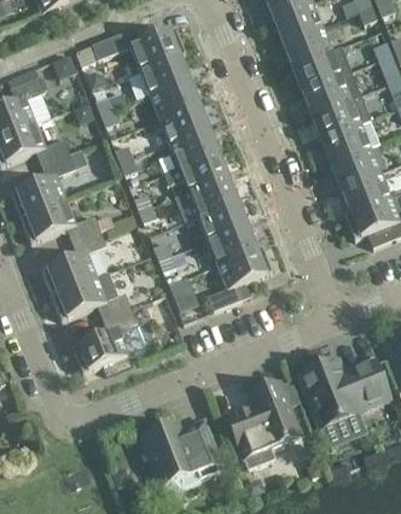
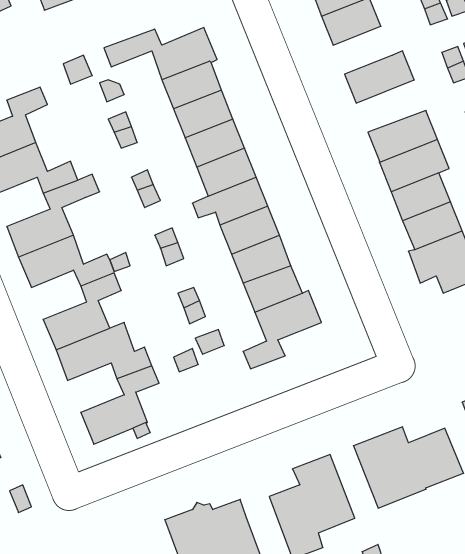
building: [281,24,331,64] -> none
building: [301,69,359,112] -> none

